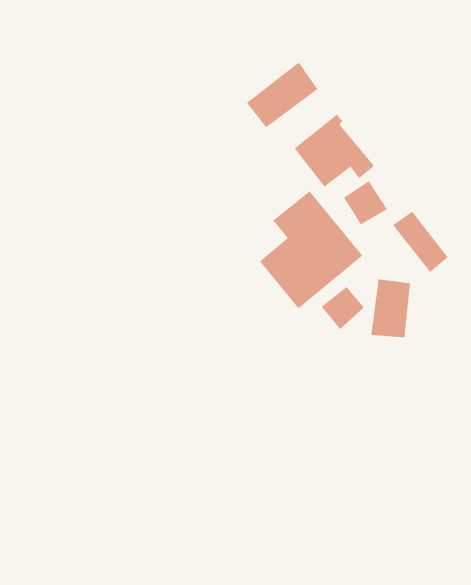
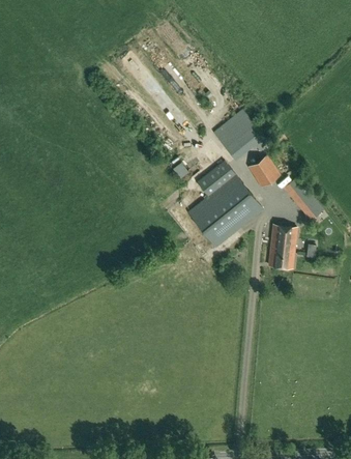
building: [246,62,318,128] -> none
building: [321,286,365,330] -> none

